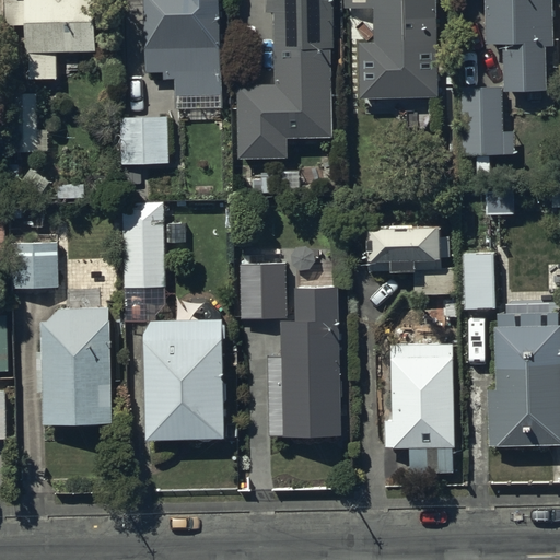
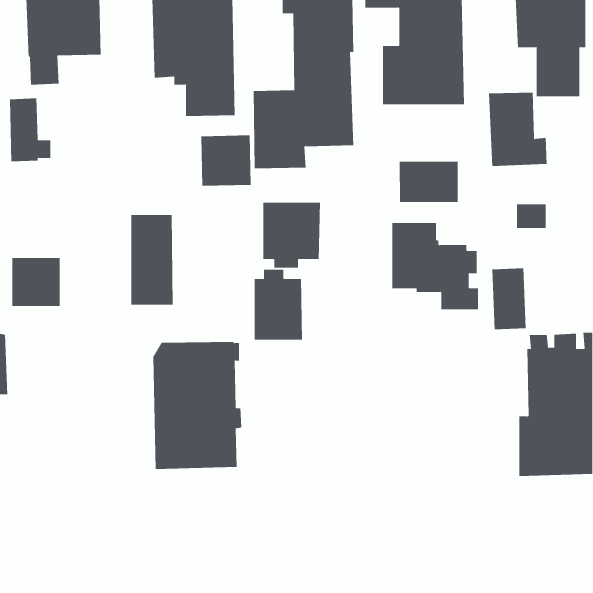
building: [119,116,167,164] -> [200,135,252,186]
building: none -> [399,161,458,203]
building: none -> [263,202,321,269]
building: [267,271,341,438] -> none
building: [36,307,112,424] -> none
building: [384,343,454,472] -> none

